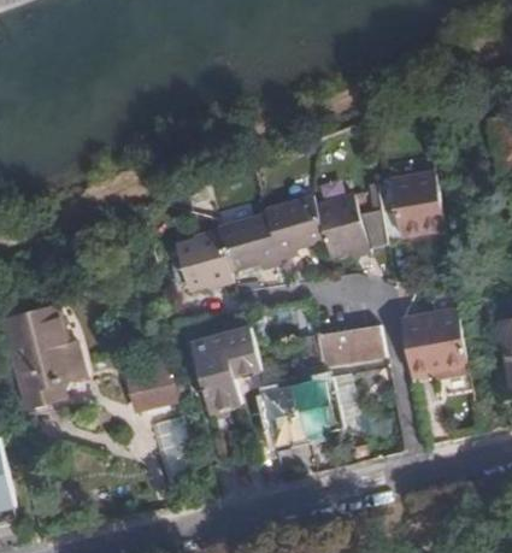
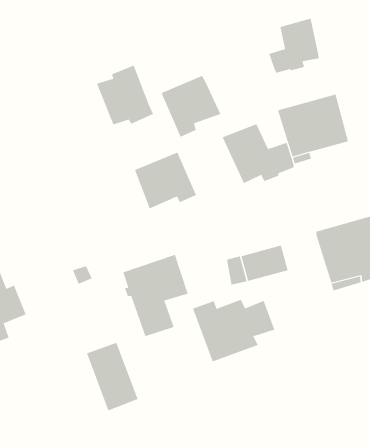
building: none -> [268,18,319,73]
building: [261,198,323,261] -> [161,75,221,138]
building: [172,231,230,294] -> [96,65,154,125]
building: [125,353,172,398] -> none

